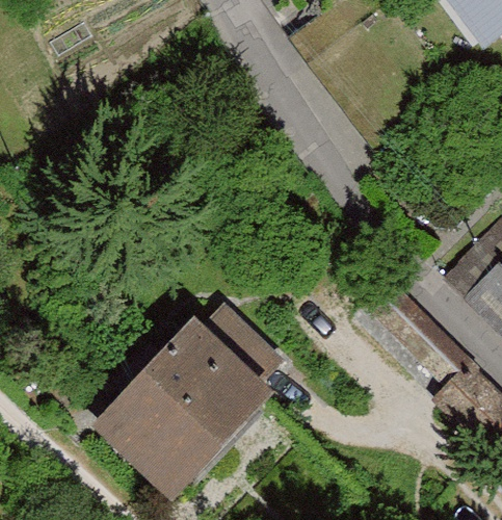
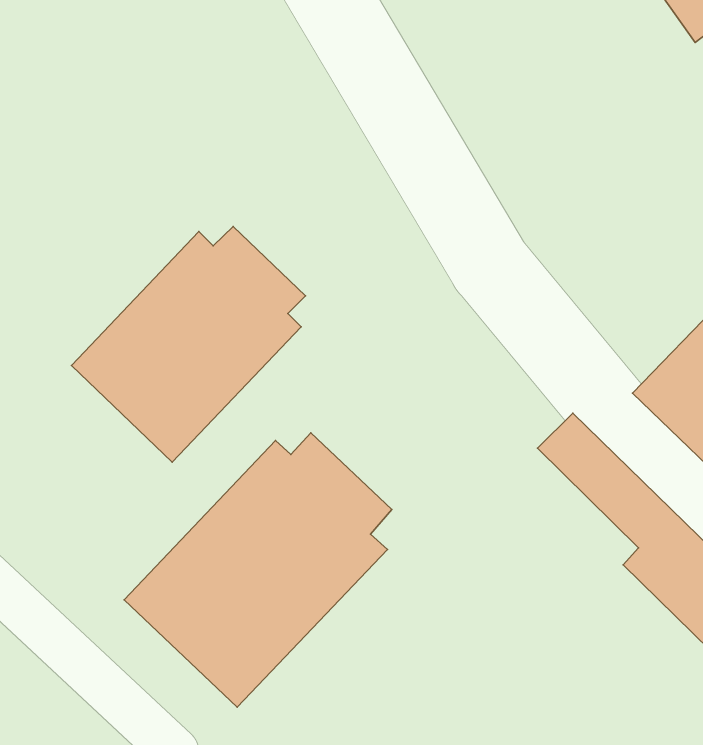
building: none -> [71,227,305,462]

